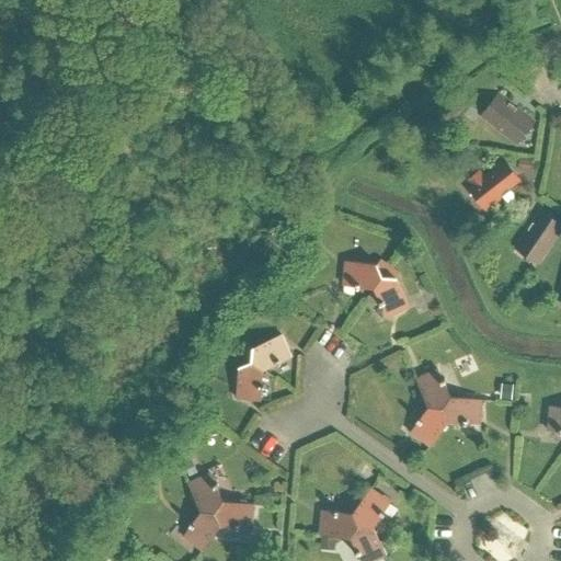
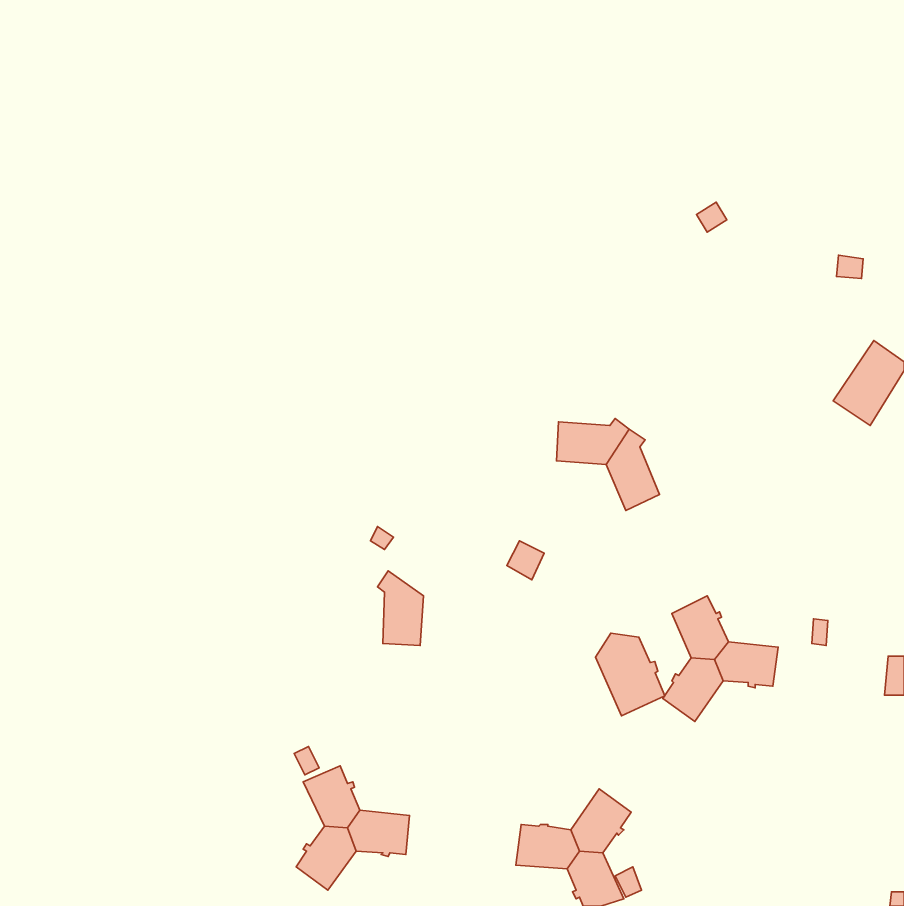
building: [481,94,533,144] -> none
building: [468,160,519,209] -> none
building: [240,334,290,368] -> none
building: none -> [596,633,665,716]

